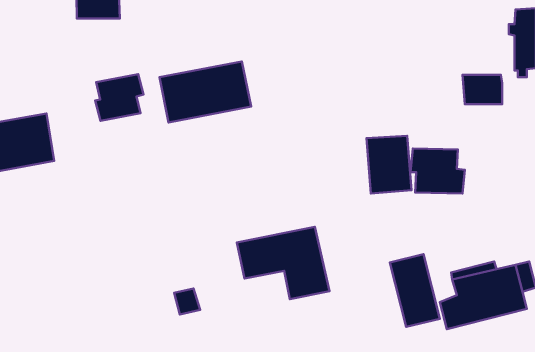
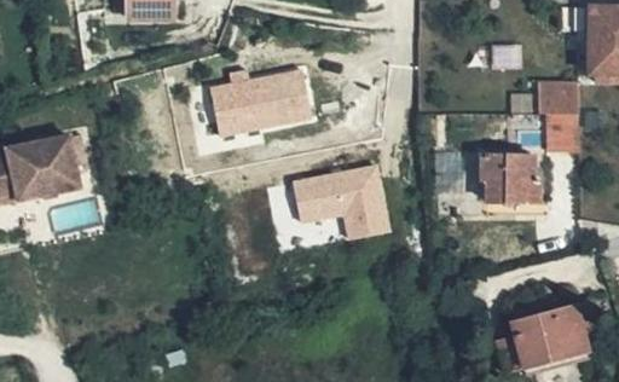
building: [95,74,143,121] -> none
building: none -> [545,115,580,157]
building: [237,227,329,299] -> [294,164,393,242]
building: [390,254,440,327] -> none

